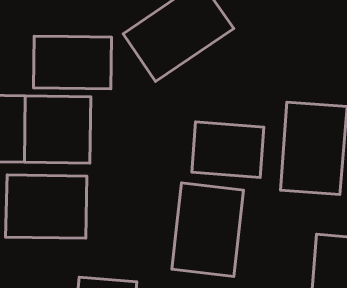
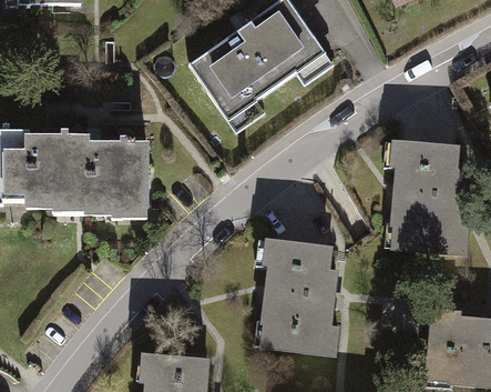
building: [34,36,112,89] -> none
building: [192,122,264,177] -> none
building: [6,175,87,238] -> none

